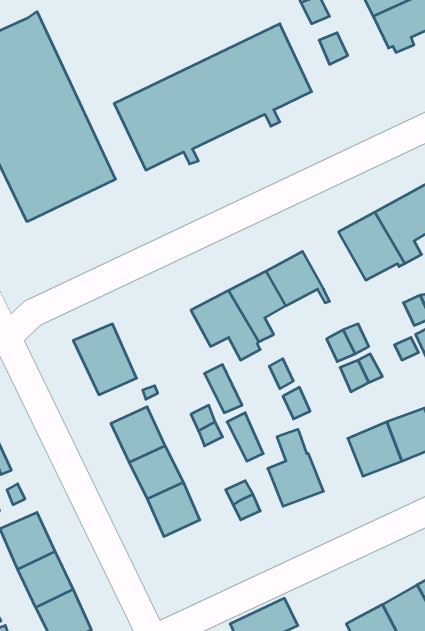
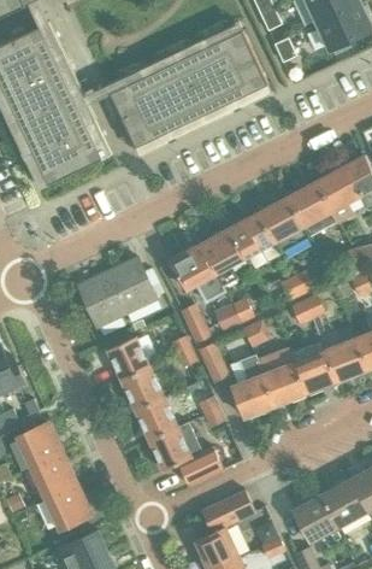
building: none -> [259,196,309,252]
building: none -> [107,256,158,313]
building: none -> [256,351,307,404]
building: none -> [148,422,222,486]

